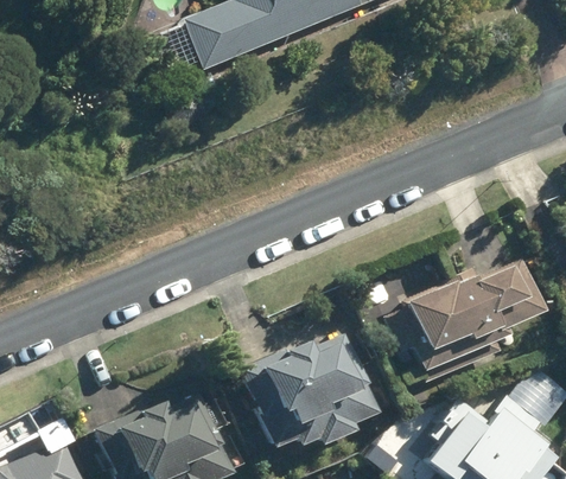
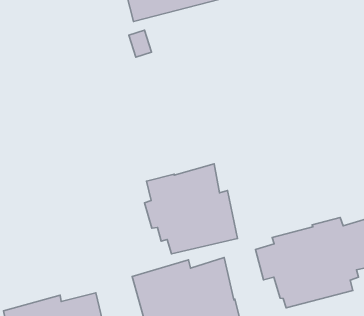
building: none -> [145,164,237,254]

